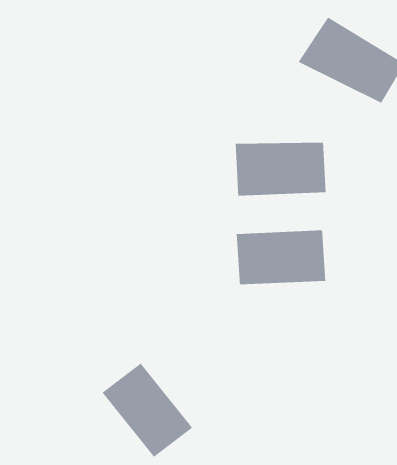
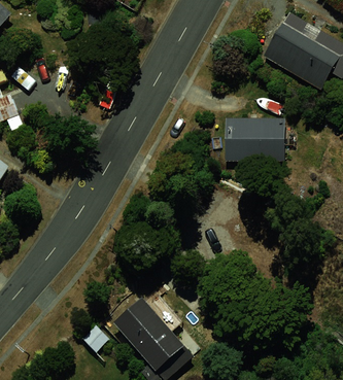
building: [236,230,326,285] -> none

